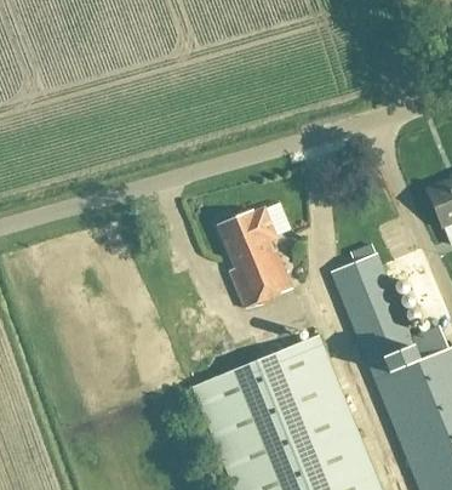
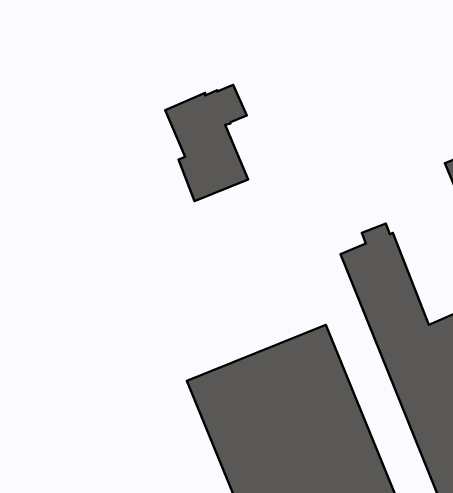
building: [216,204,291,309] -> [165,85,248,201]

